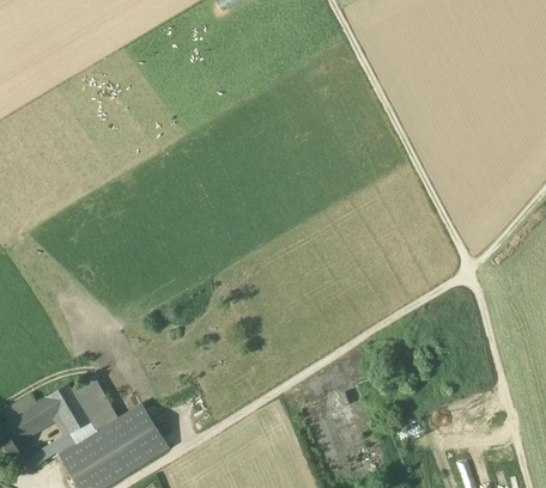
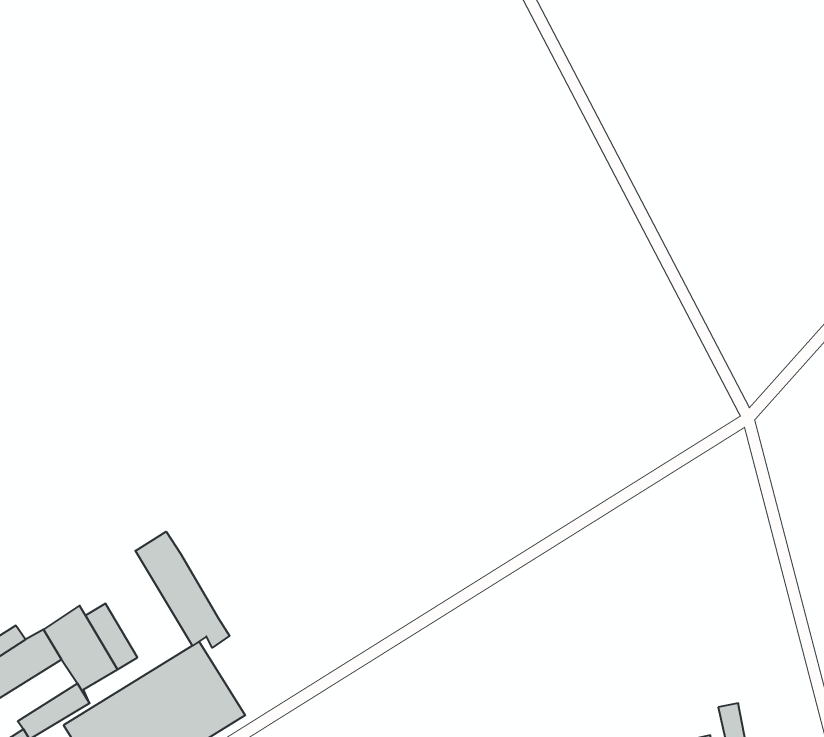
building: none -> [135,532,230,648]

